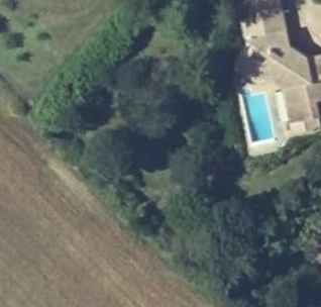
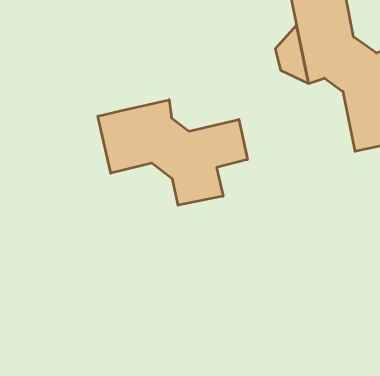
building: none -> [98,100,247,205]

